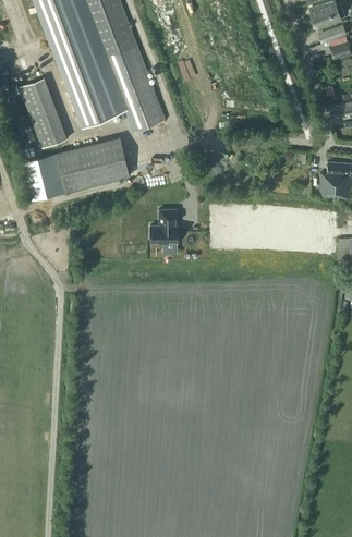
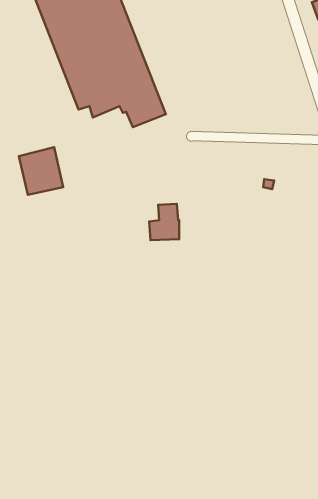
building: [19,76,64,147] -> none
building: [58,137,131,191] -> none

